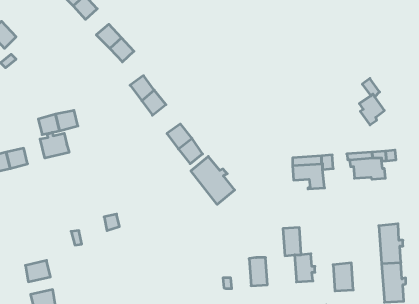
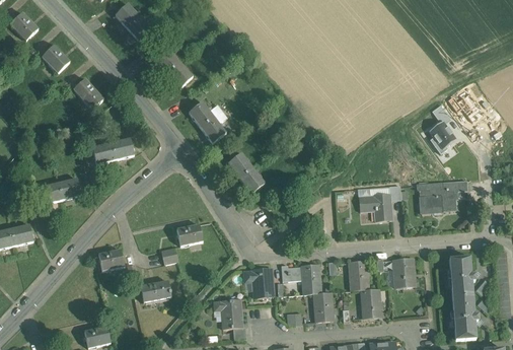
building: none -> [73,78,103,110]
building: [40,132,69,158] -> none
building: [191,156,235,204] -> none
building: none -> [176,224,202,246]
building: none -> [288,264,320,294]
building: none -> [244,268,273,298]
building: none -> [141,280,171,301]
building: [25,260,50,282] -> [98,249,125,271]
building: [333,263,353,291] -> [393,258,415,287]
building: none -> [213,298,242,329]

